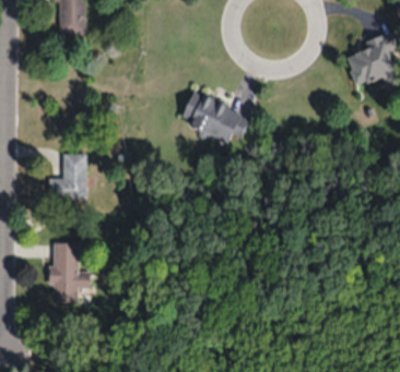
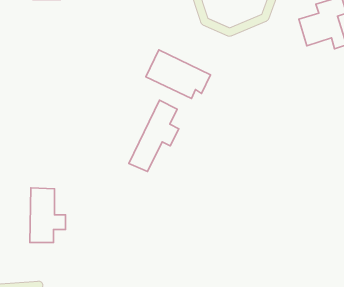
building: none -> [129,100,179,172]
building: [49,154,87,200] -> none

